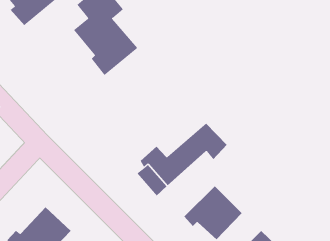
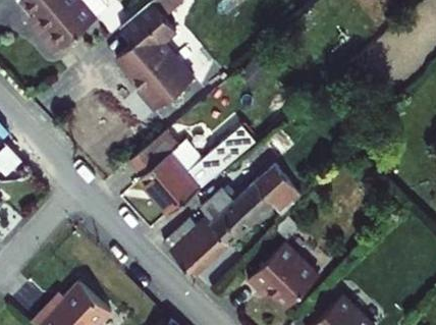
building: none -> [131,127,254,214]
building: none -> [164,226,215,277]

